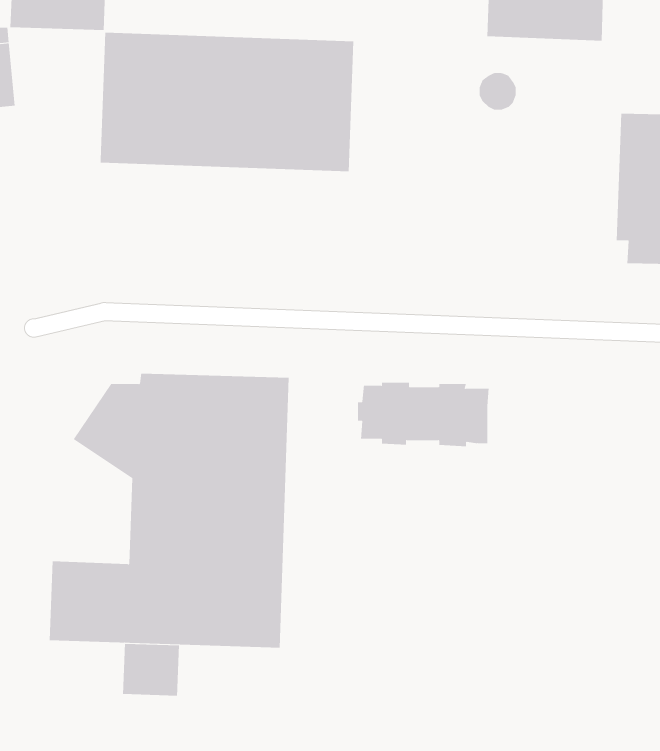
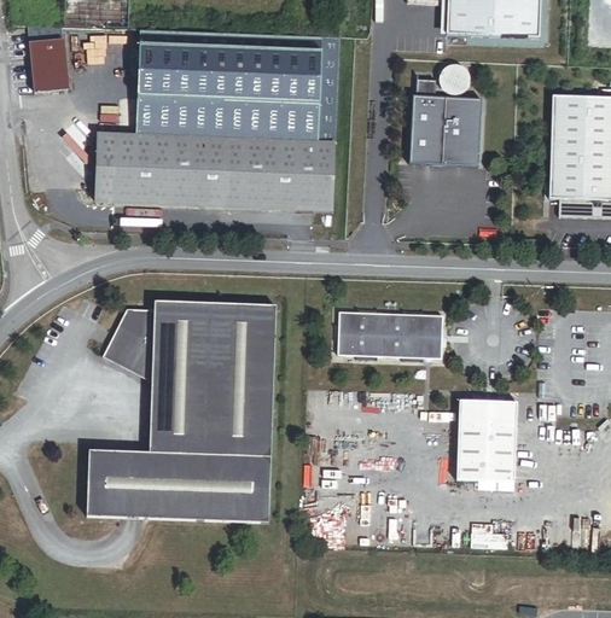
building: none -> [408,76,479,164]
building: none -> [89,133,332,209]
building: none -> [459,402,518,483]
building: [123,643,180,696] -> none

